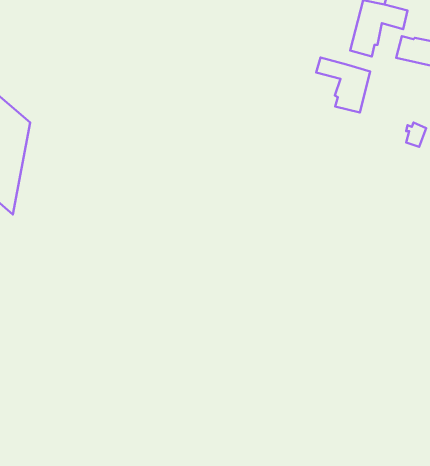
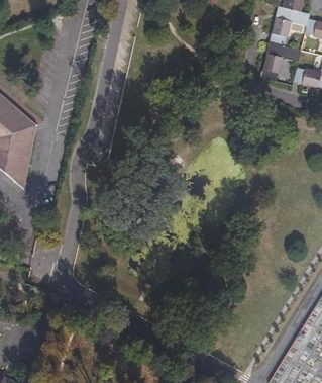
building: [316,58,370,112] -> none

